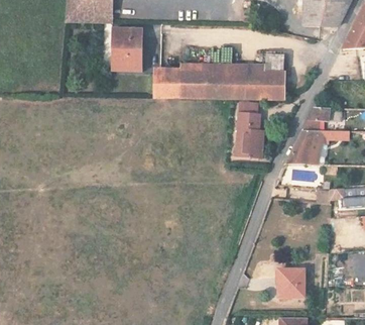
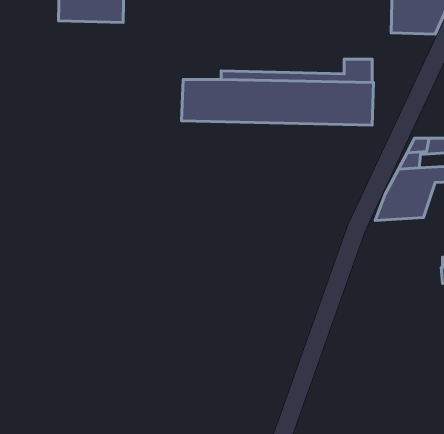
building: [118,28,144,68] -> none
building: [239,110,266,155] -> none
building: [277,266,306,295] -> none

